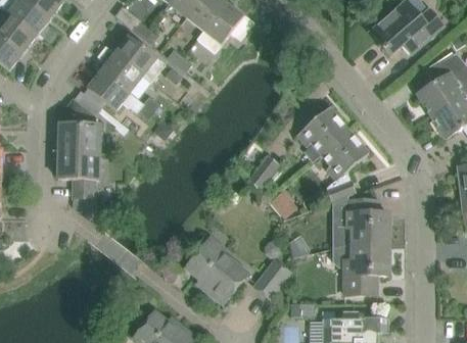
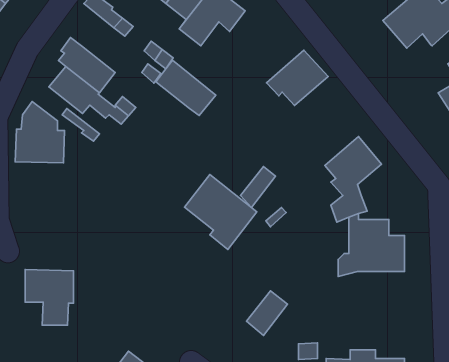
building: [114,35,166,82] -> [156,60,216,116]
building: [297,107,349,154] -> [267,50,328,106]
building: [58,151,99,198] -> [25,270,73,325]
building: [186,241,247,304] -> [185,175,257,249]
building: [332,244,388,295] -> none

